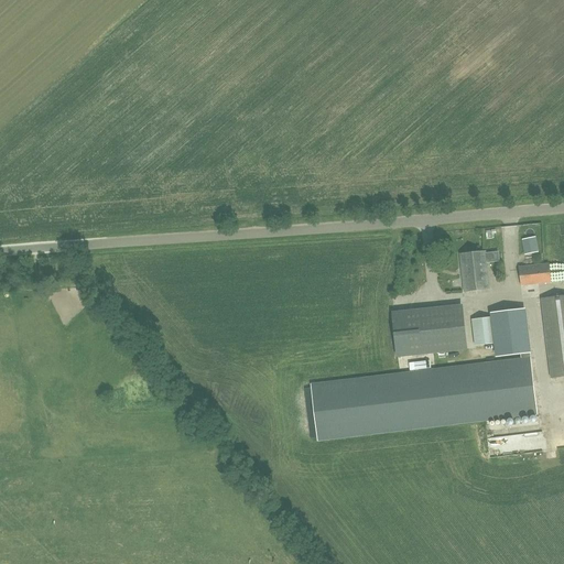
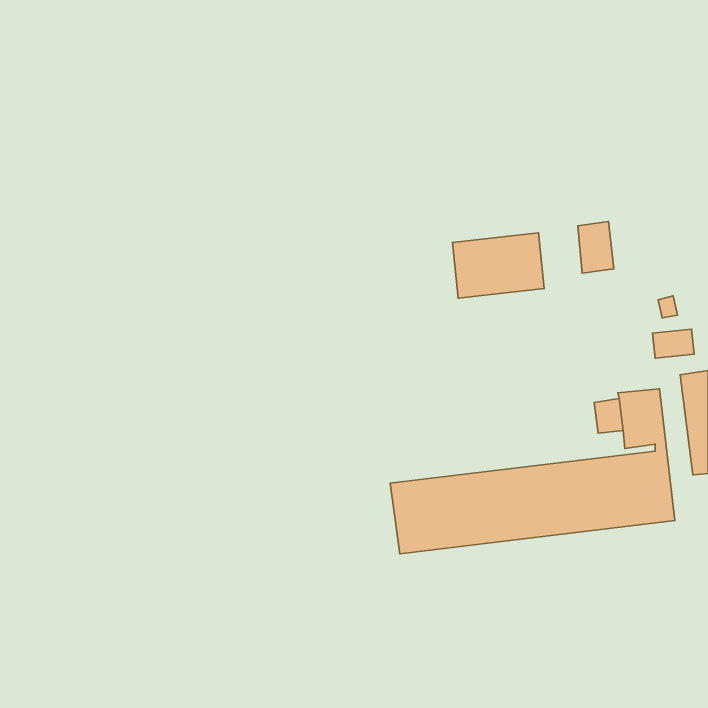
building: [459,250,488,291] -> [578,222,614,273]
building: [392,304,465,356] -> [453,233,544,298]

